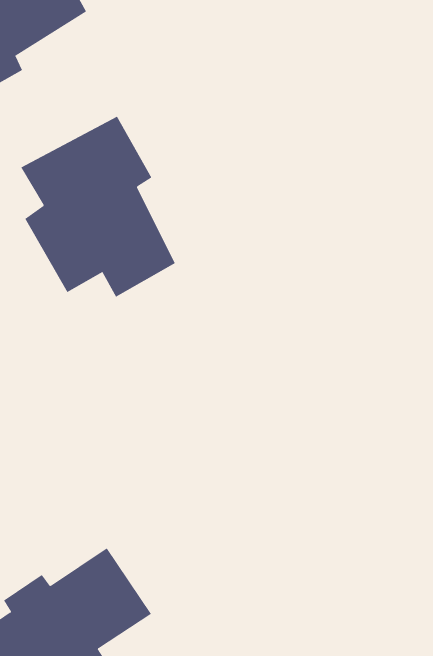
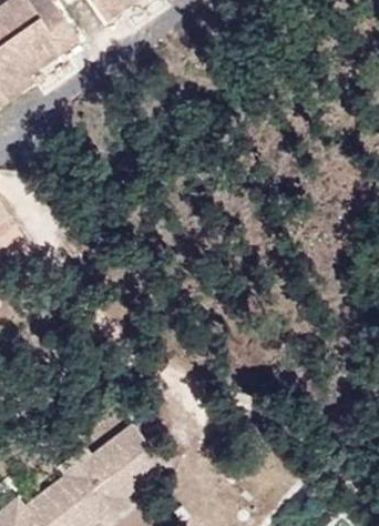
building: [20,116,175,298] -> none

